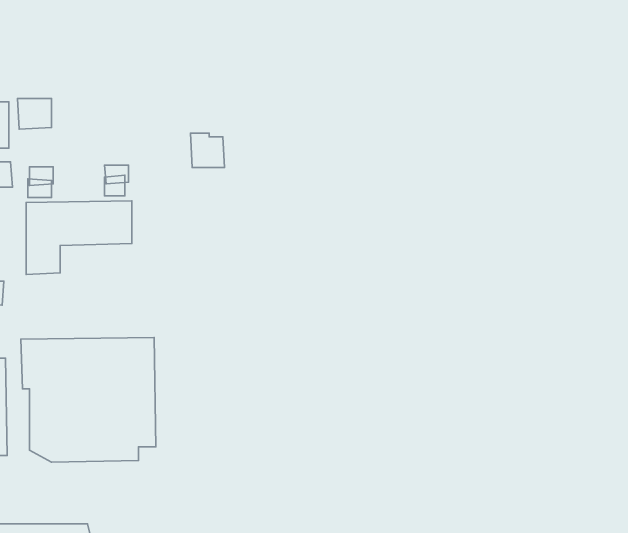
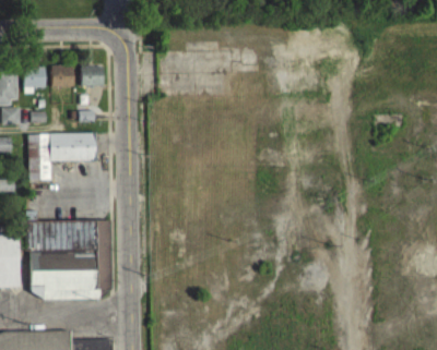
building: none -> [51,65,73,87]
building: [190,133,225,167] -> [81,64,103,86]

